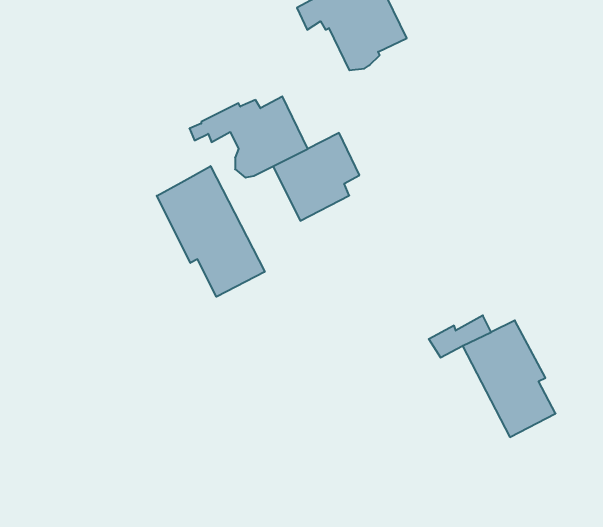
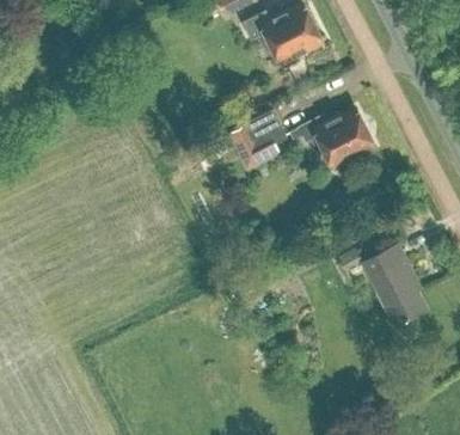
building: [189,96,308,178] -> [288,109,372,166]
building: [157,166,265,297] -> none

